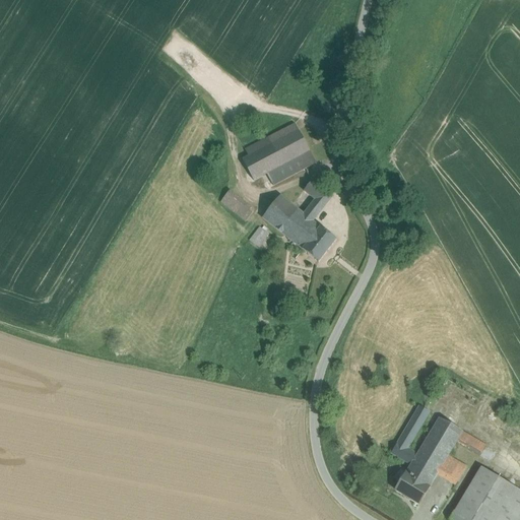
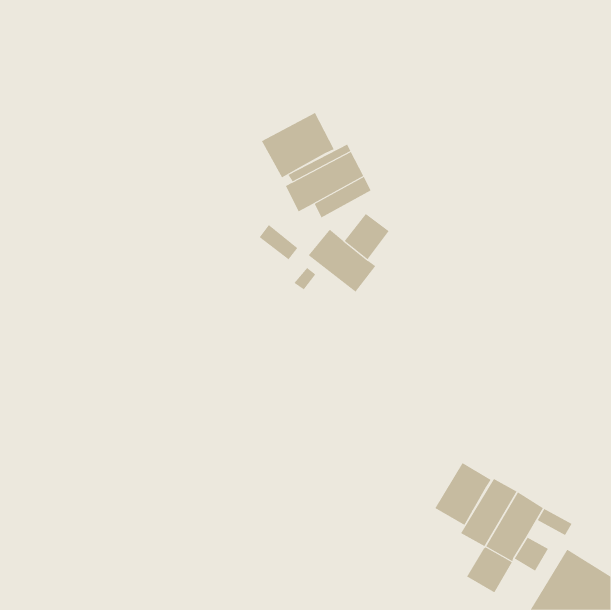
building: none -> [261,112,335,178]
building: [302,225,335,261] -> none
building: none -> [435,462,491,526]

